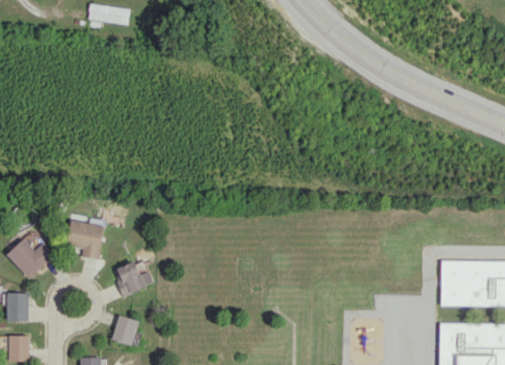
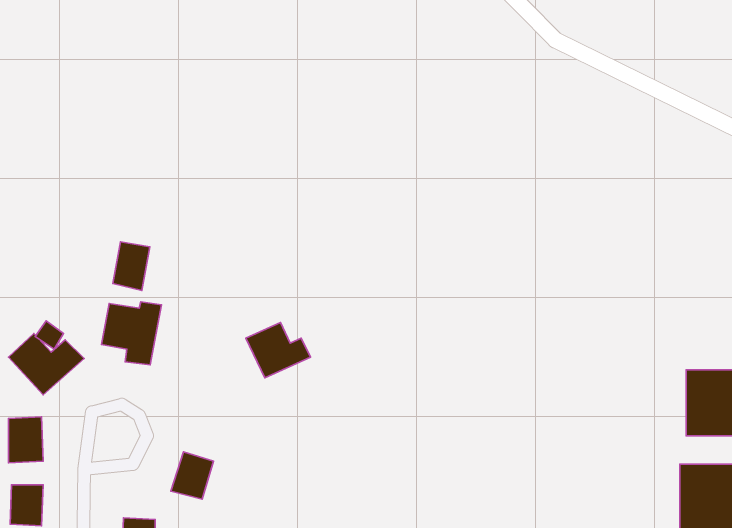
building: none -> [113,242,150,290]
building: [112,261,153,296] -> [246,323,311,378]

